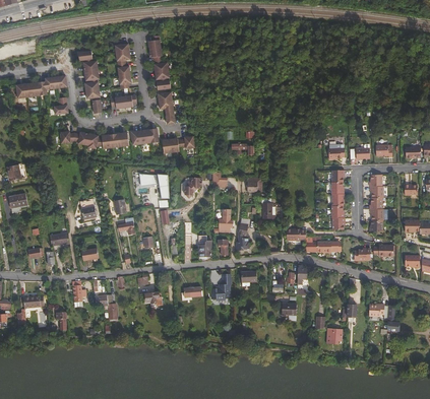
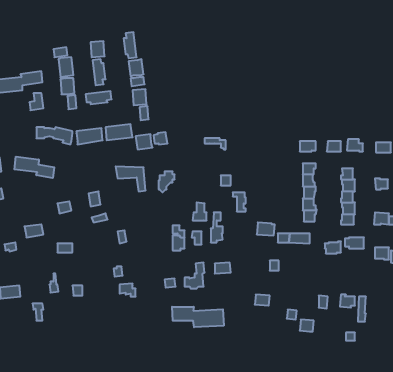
building: none -> [14,157,54,178]
building: none -> [172,307,224,327]

